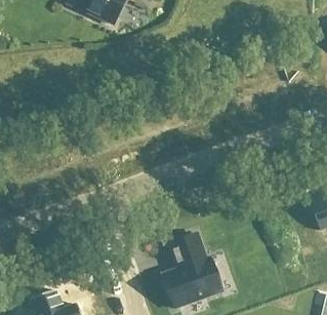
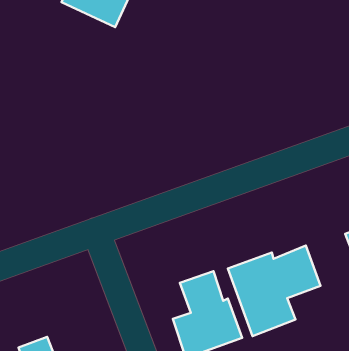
building: none -> [228,246,321,336]

